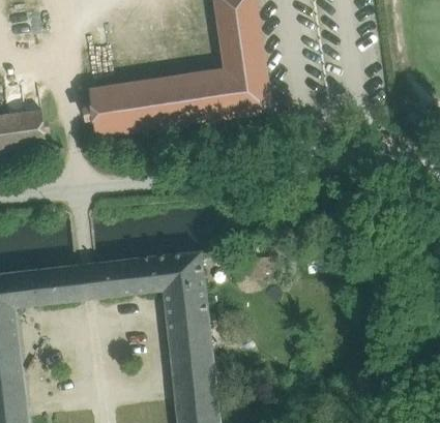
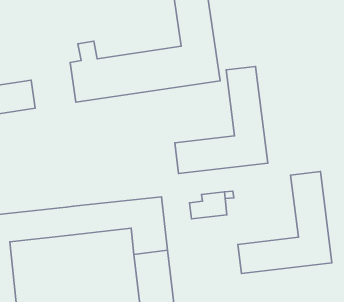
building: none -> [175,66,268,174]
building: none -> [238,172,332,273]

